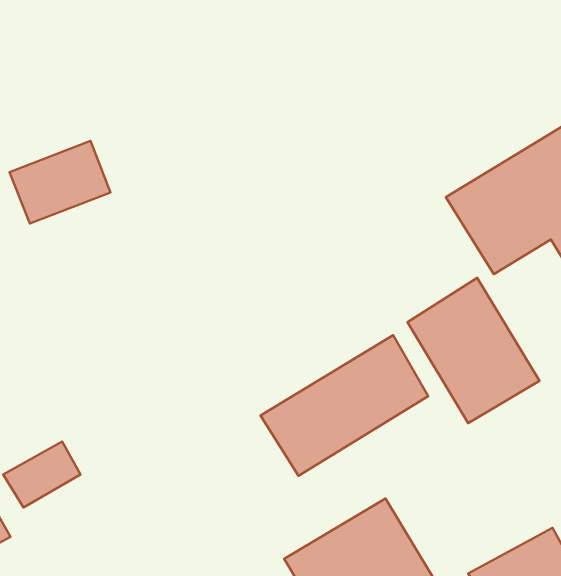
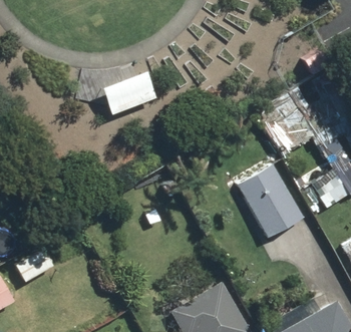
building: [10,141,111,224] -> [104,70,159,115]
building: [260,335,428,476] -> none

